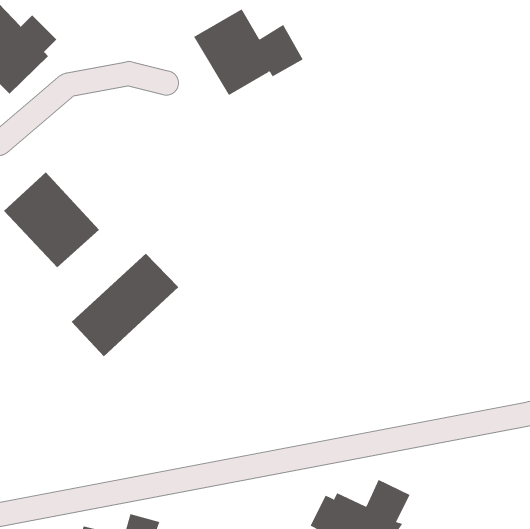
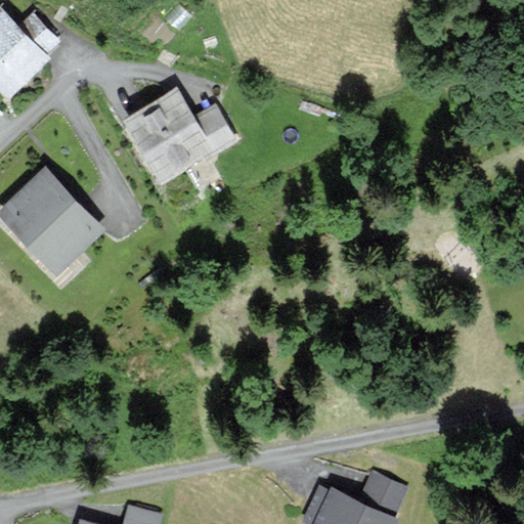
building: [193,9,303,96] -> [127,90,235,176]
building: [71,253,179,357] -> none

